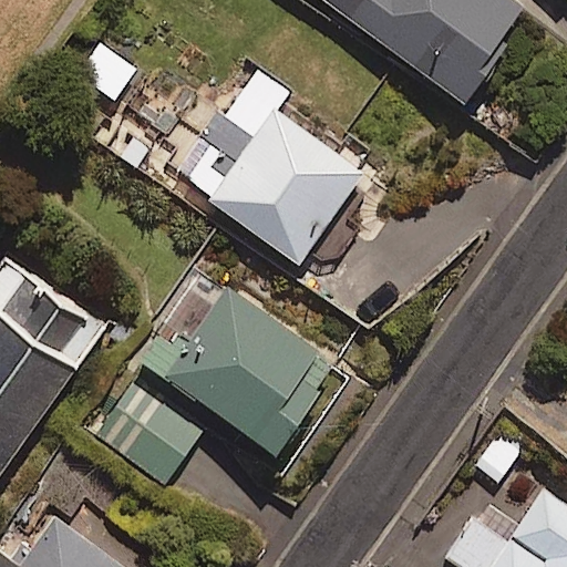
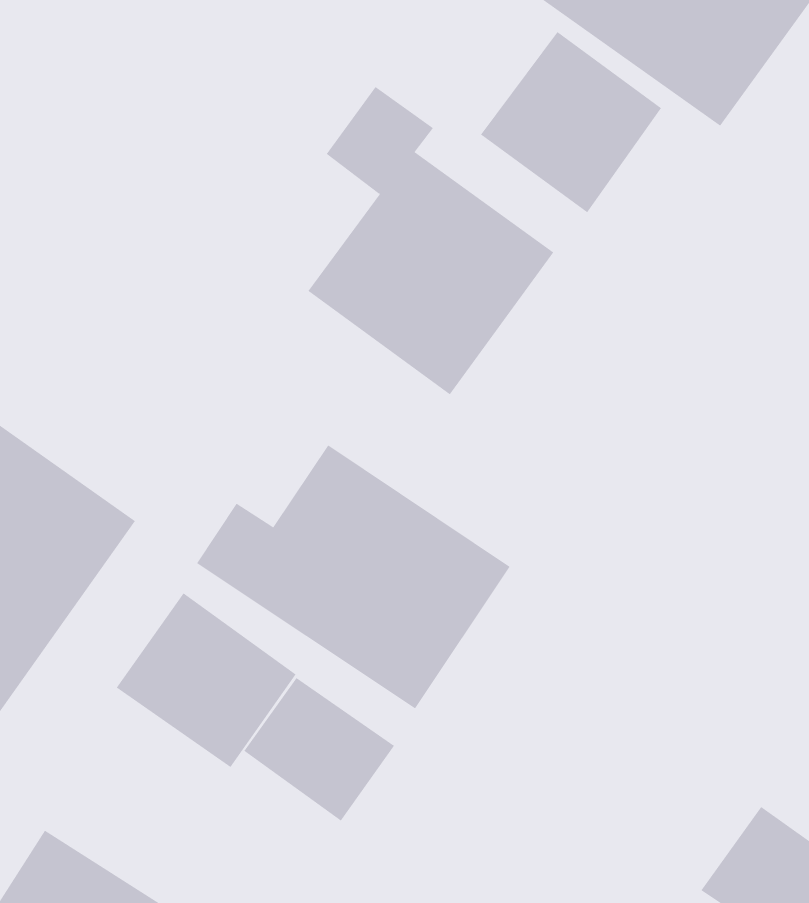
building: none -> [480,31,662,213]
building: none -> [244,677,395,821]

